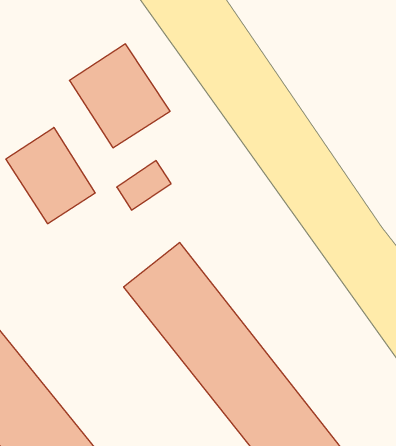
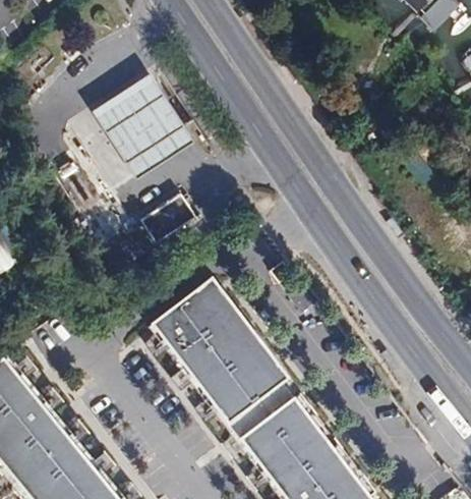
building: [6,127,95,224] -> none

